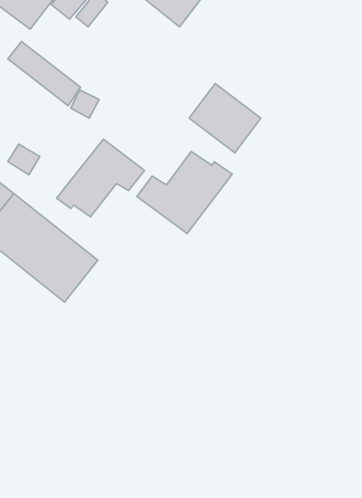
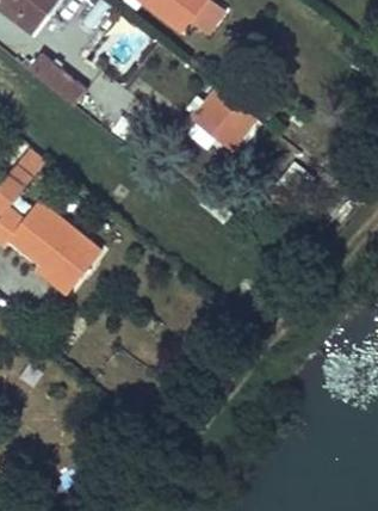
building: [56,139,144,217] -> none
building: [137,151,232,233] -> none

